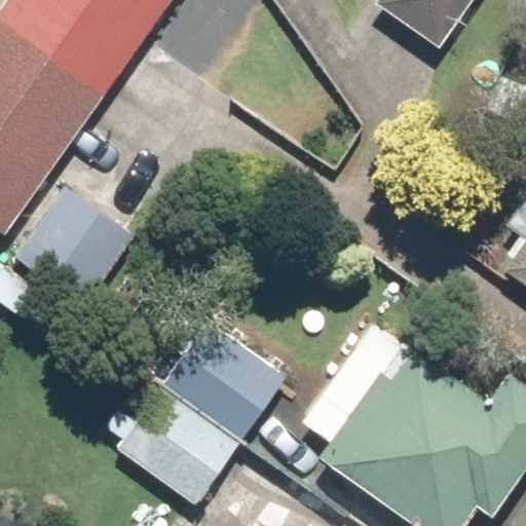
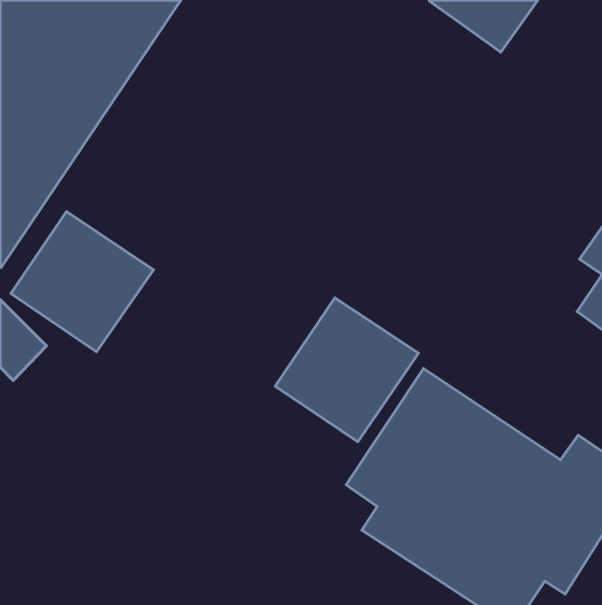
building: none -> [275,298,419,442]
building: [104,318,287,505] -> none

